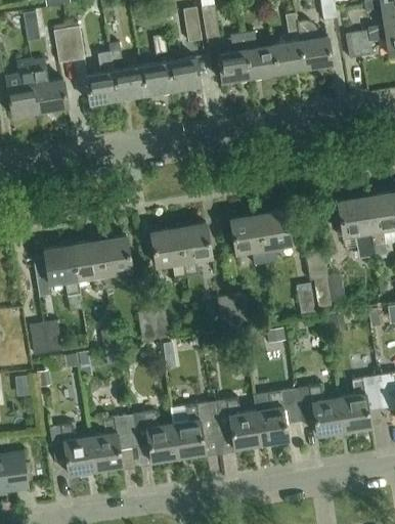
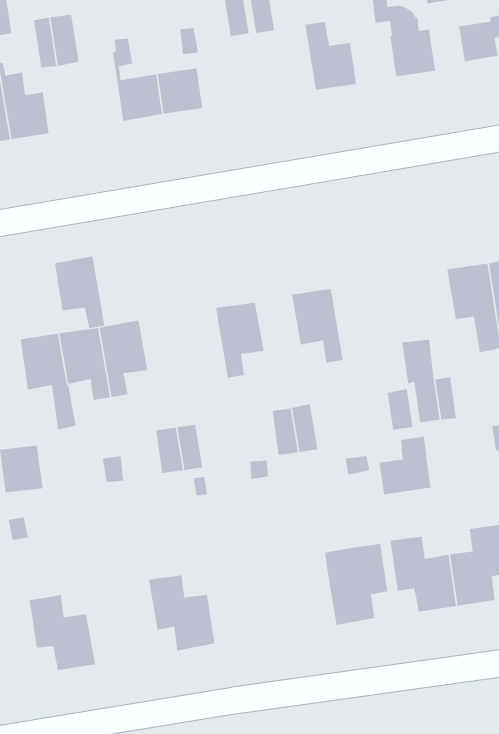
building: [215,34,247,84] -> none
building: [271,42,302,75] -> none
building: [83,52,115,104] -> none
building: [166,58,198,91] -> none
building: [258,211,291,264] -> none
building: [151,228,186,278] -> [54,256,105,329]
building: none -> [379,436,431,495]
building: [215,398,261,450] -> none
building: [170,403,214,458] -> none
building: [90,417,131,473] -> none

